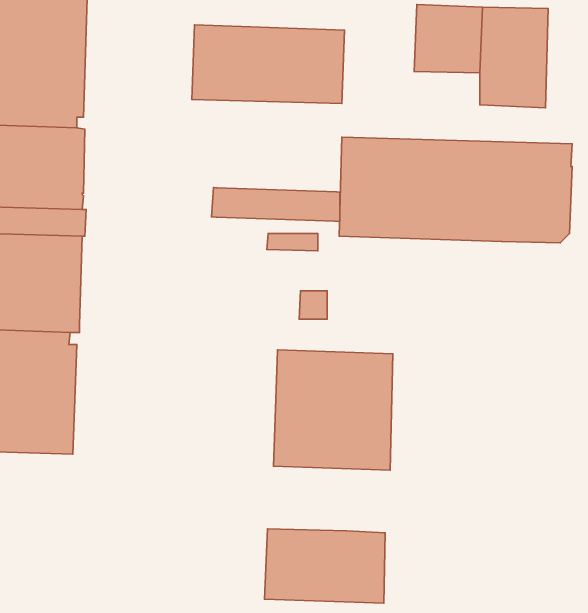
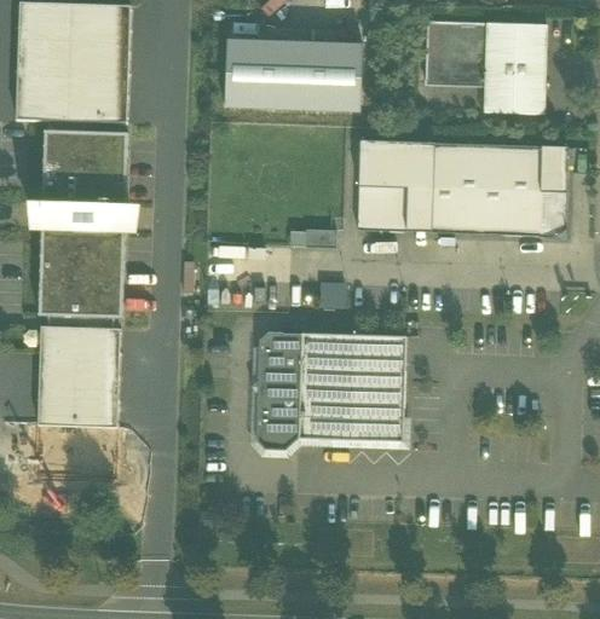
building: [211,188,340,221] -> none
building: none -> [249,331,300,450]
building: [264,529,385,603] -> none

